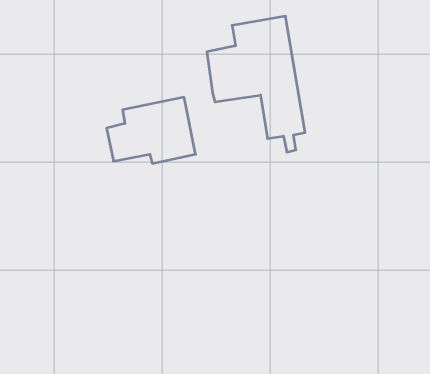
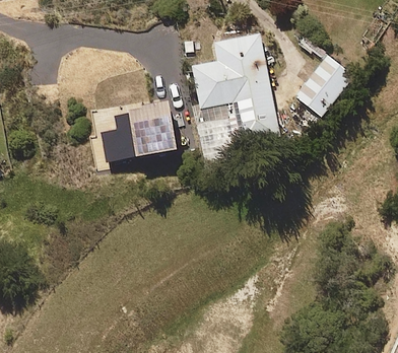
building: none -> [293,55,352,117]

